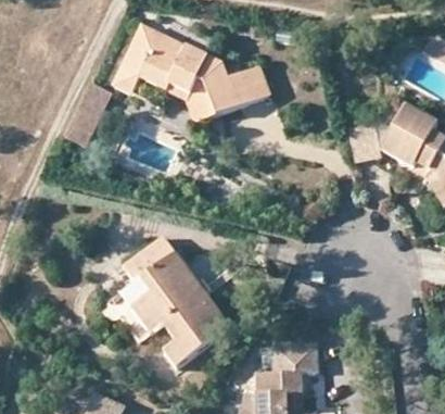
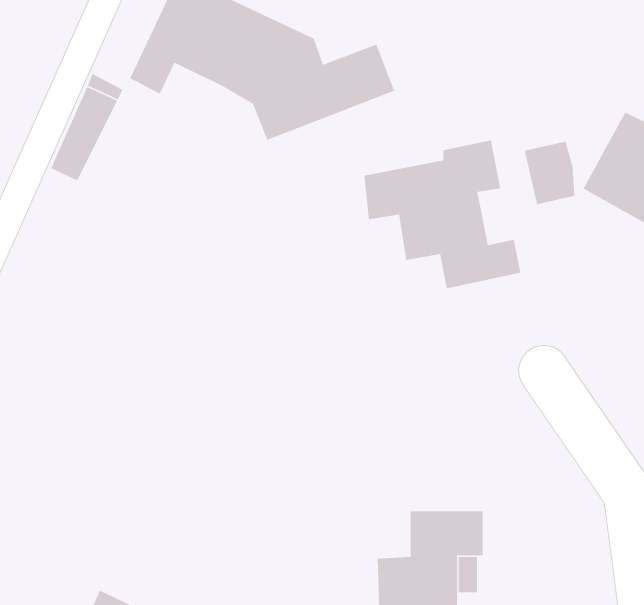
building: none -> [363,139,521,289]
building: [123,237,230,368] -> none

